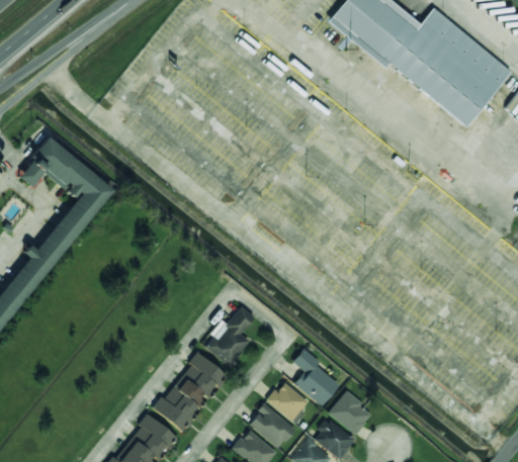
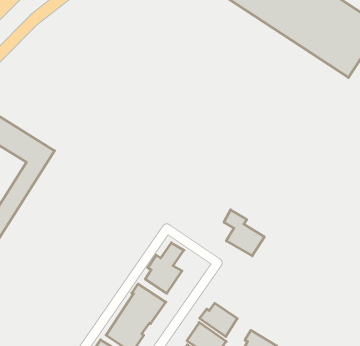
building: [293,348,340,404] -> [224,210,264,256]
building: [330,390,371,434] -> none

